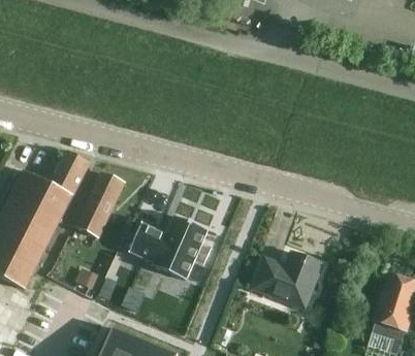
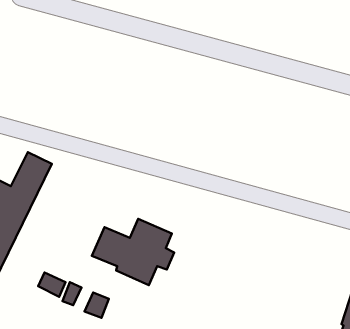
building: [76,172,123,236] -> none
building: [251,253,322,310] -> none

